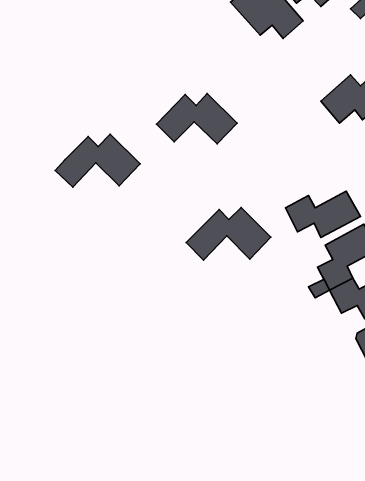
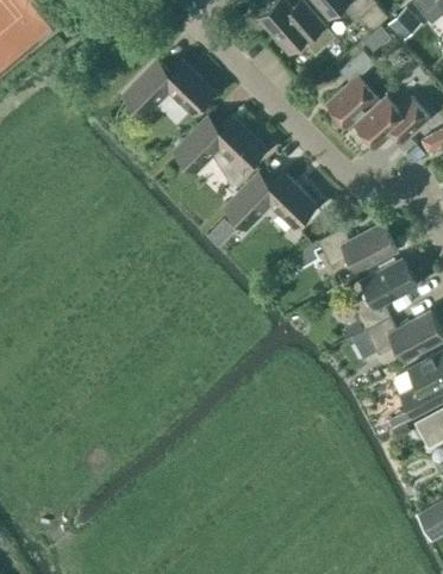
building: none -> [326,50,379,127]
building: [55,134,140,187] -> [123,60,214,117]
building: [186,207,271,260] -> [224,173,316,230]

